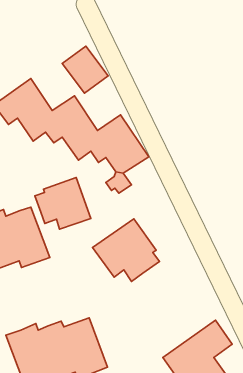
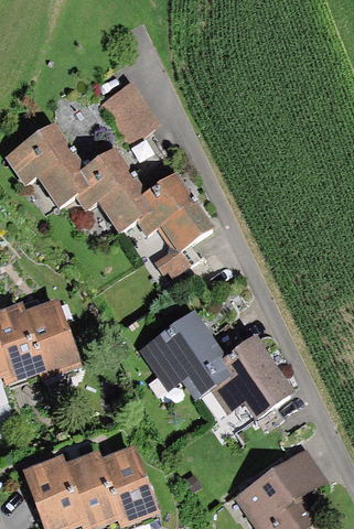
building: [35,178,91,229] -> none
building: none -> [205,334,292,419]

